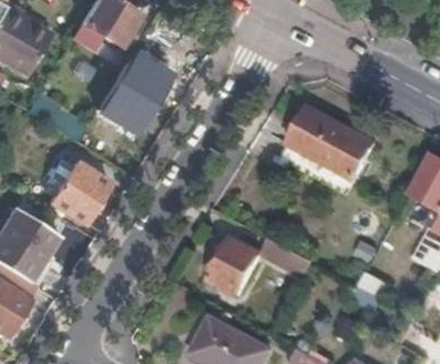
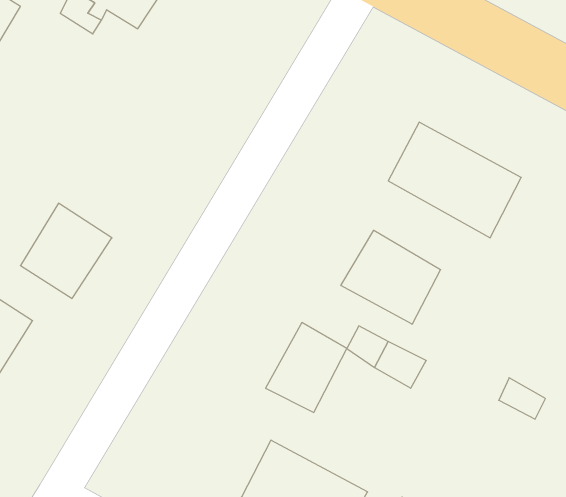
building: [95,49,170,130] -> none
building: none -> [341,230,441,324]

